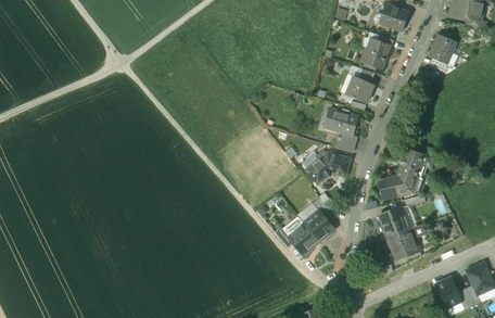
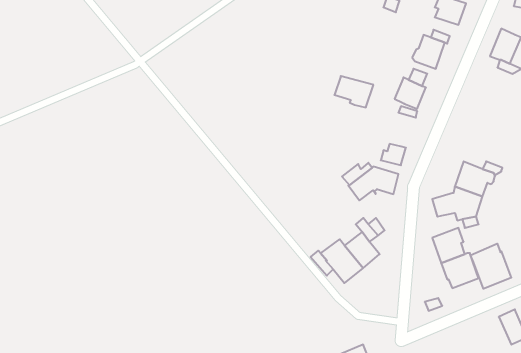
building: [325,109,358,136] -> [334,76,373,107]
building: none -> [471,244,511,289]

